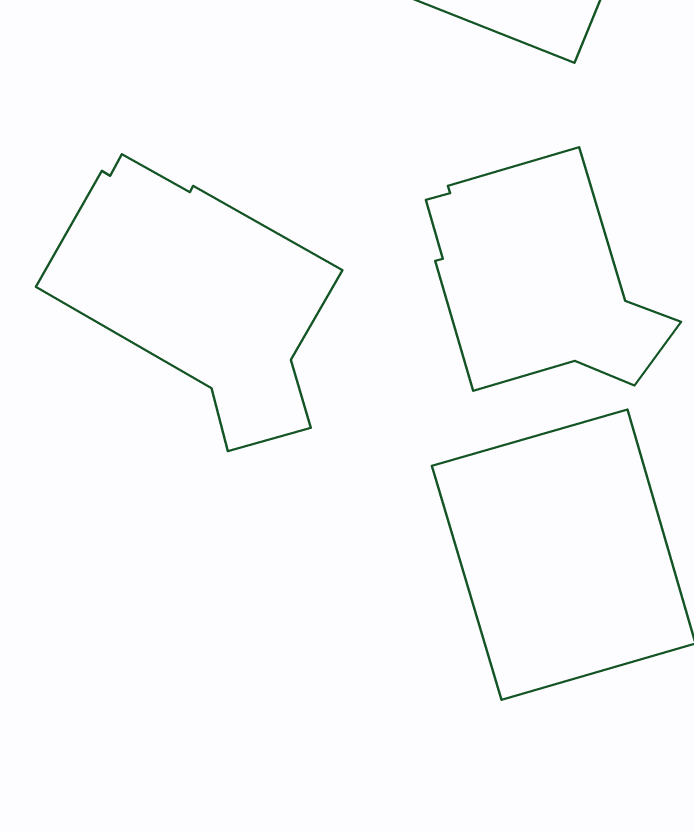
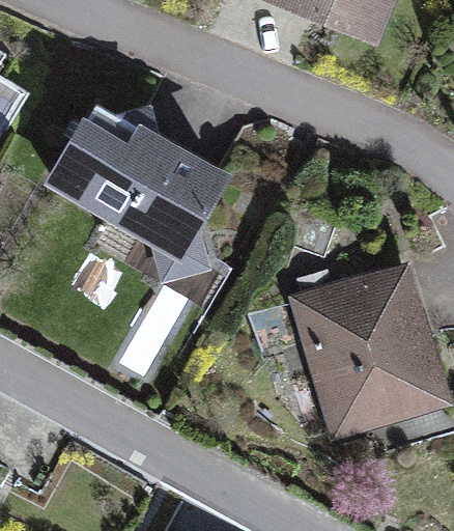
building: [426,147,681,391] -> none

